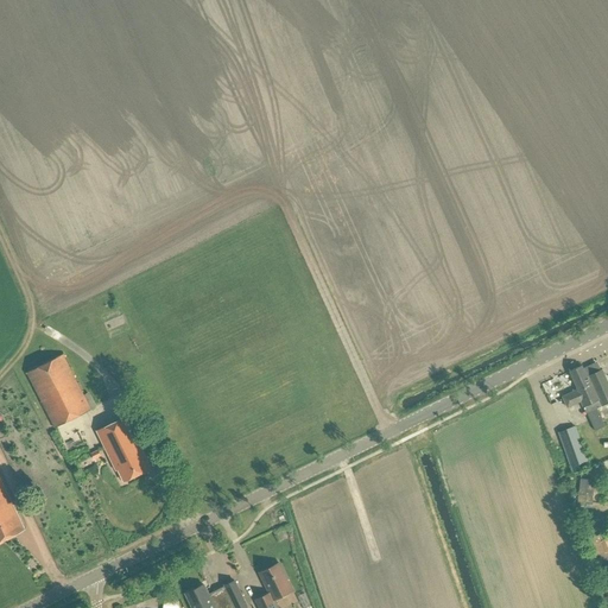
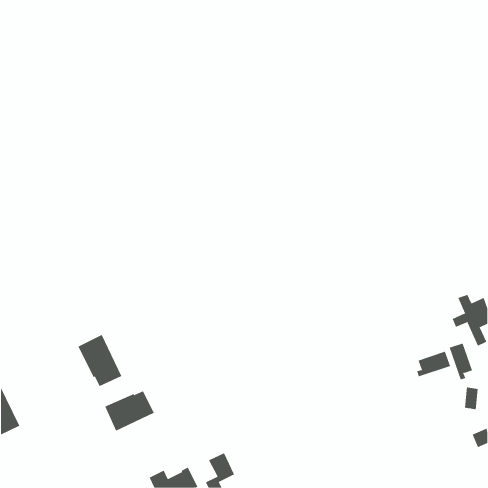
building: [26,354,90,428] -> none
building: none -> [416,351,451,377]
building: none -> [104,390,154,431]

